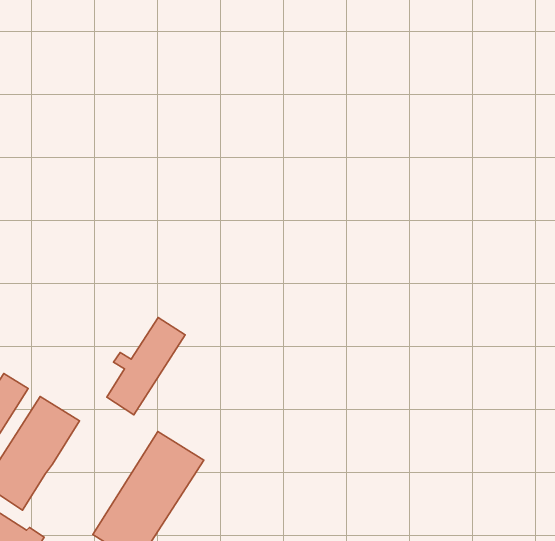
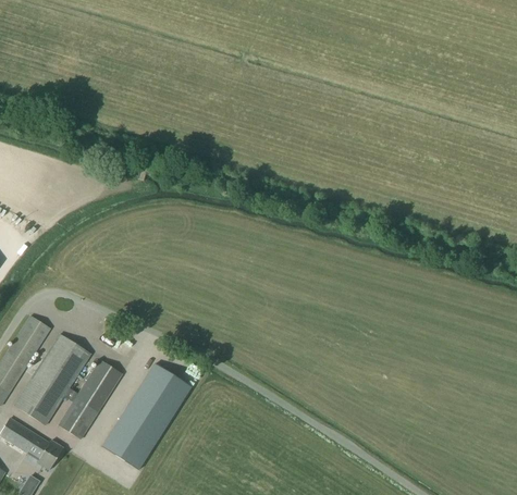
building: [107,317,185,415] -> [58,361,121,440]

